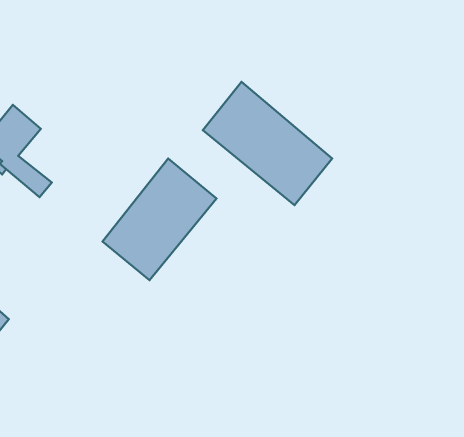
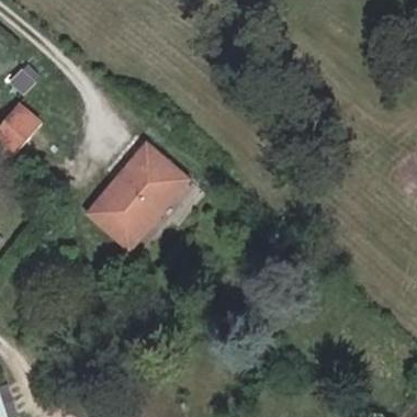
building: [203,82,332,205] -> none

